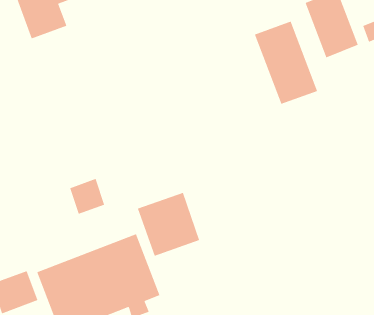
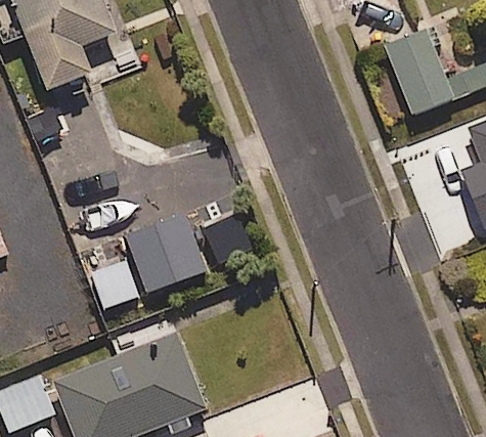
building: [254,20,318,105] -> none
building: [137,192,200,257] -> [126,211,205,292]

